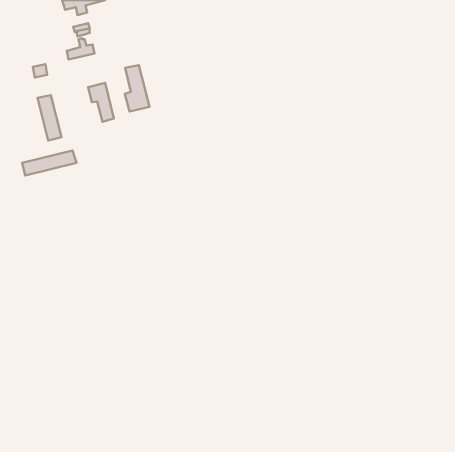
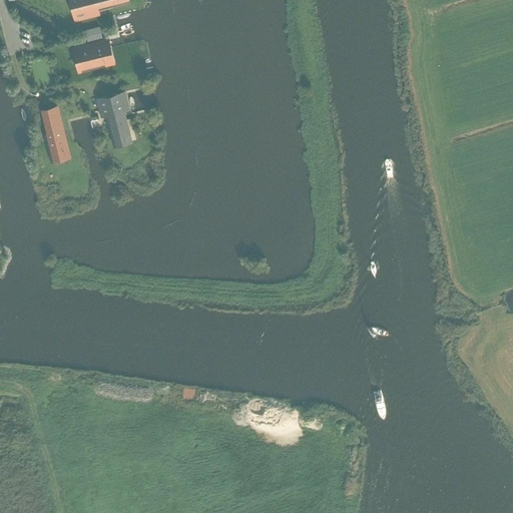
building: [125,65,149,112] -> none
building: [22,150,77,176] -> none

